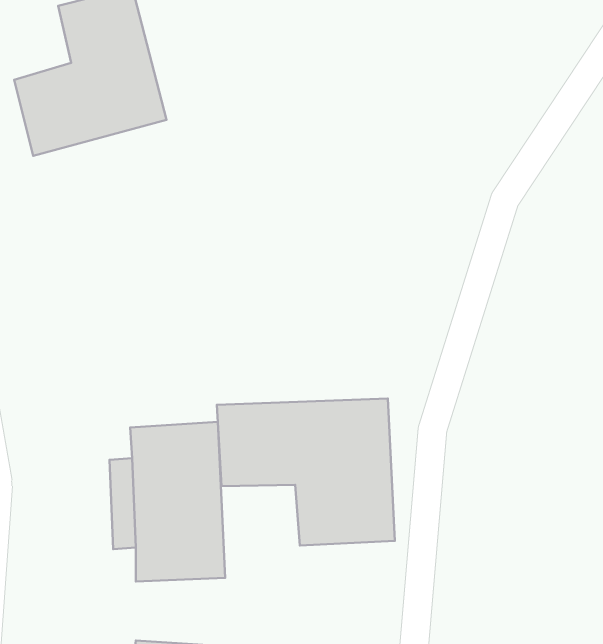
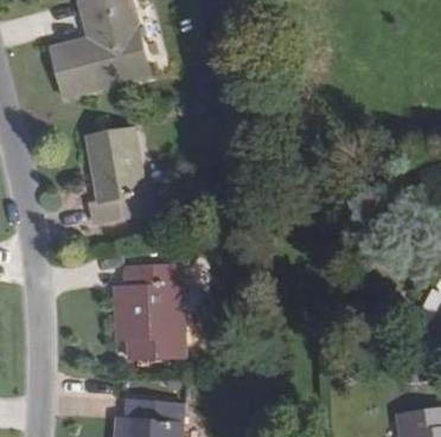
building: none -> [85,128,148,227]
building: [217,399,395,545] -> none

